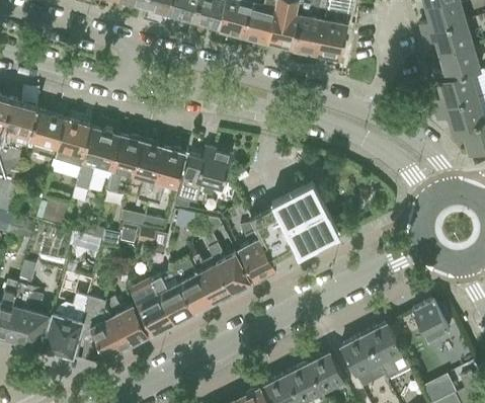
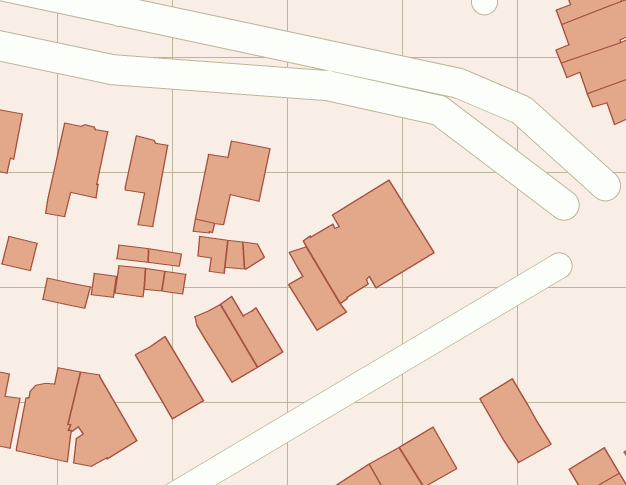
building: [55,118,91,167] -> none
building: [106,135,140,193] -> none
building: [147,147,184,206] -> none
building: [207,244,250,294] -> none
building: [150,269,193,323] -> none
building: [103,292,148,347] -> none
building: [411,300,449,341] -> none
building: [339,335,377,376] -> none

